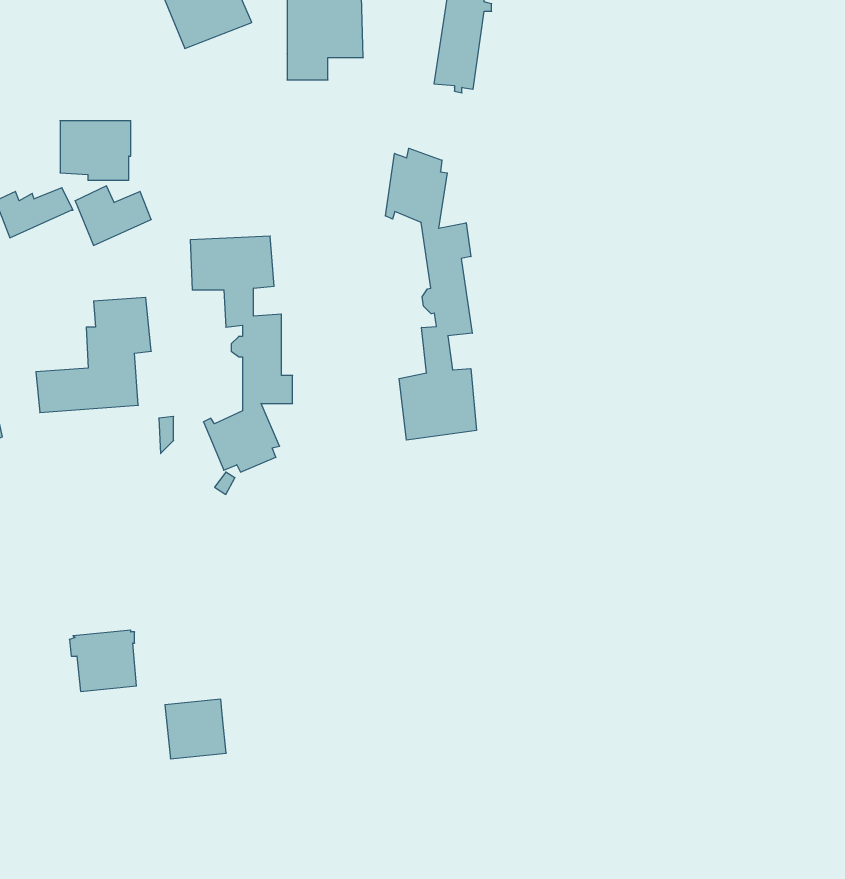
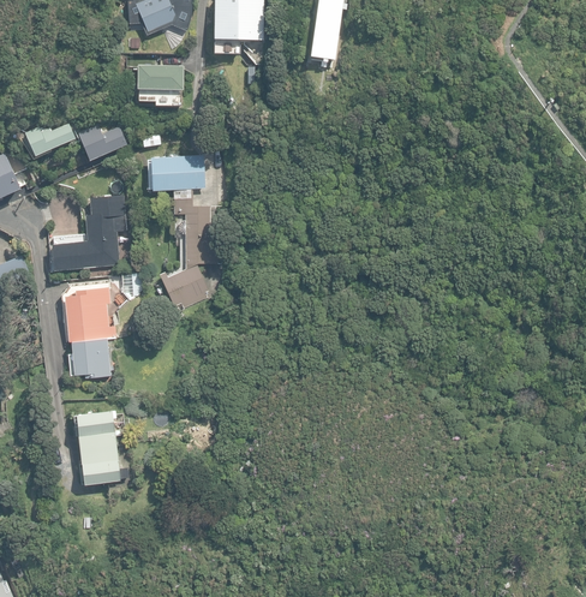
building: [60,121,131,180] -> [137,66,183,105]
building: [385,148,476,440] -> none
building: none -> [64,287,115,378]
building: [165,699,226,759] -> [80,446,120,484]

